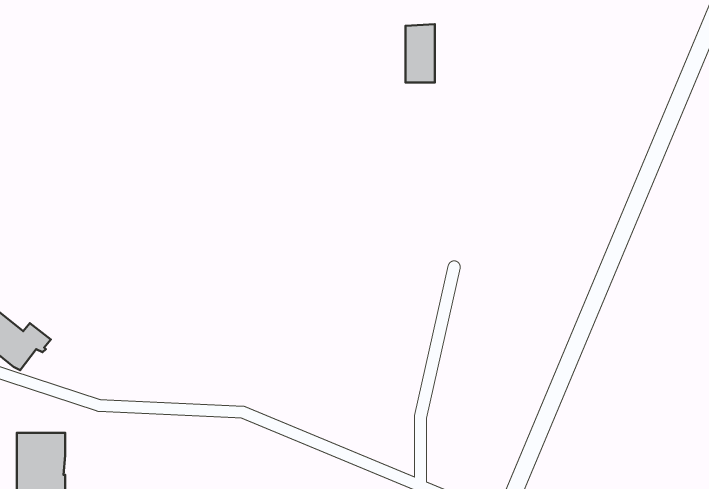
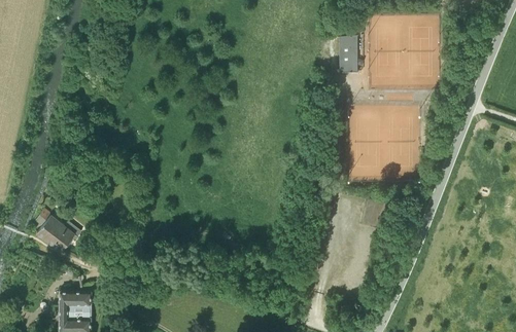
building: [406,24,435,82] -> [339,35,357,72]

